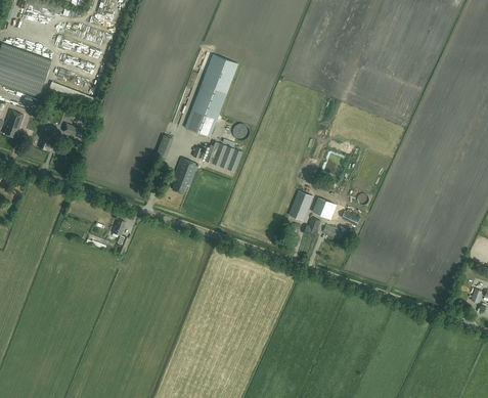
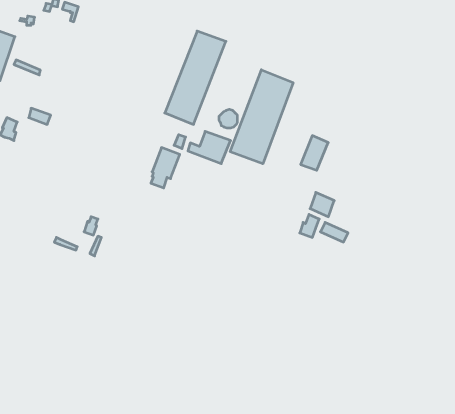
building: none -> [230,70,293,164]
building: [289,189,313,220] -> [301,136,328,170]

